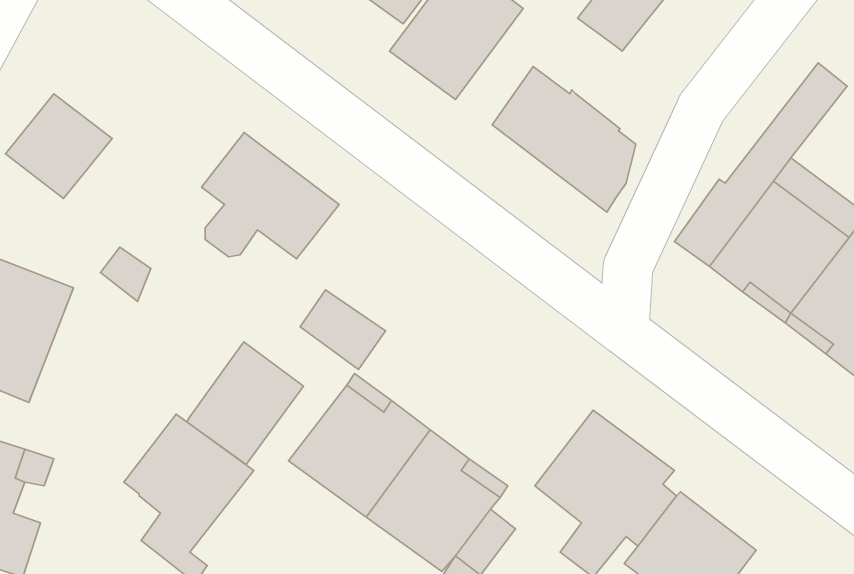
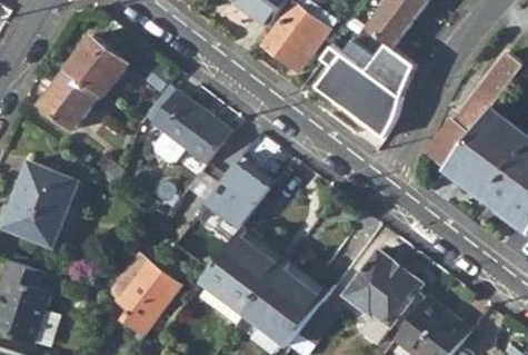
building: none -> [67,34,129,96]
building: none -> [366,41,417,98]
building: none -> [222,157,275,205]
building: [187,342,304,464] -> none

